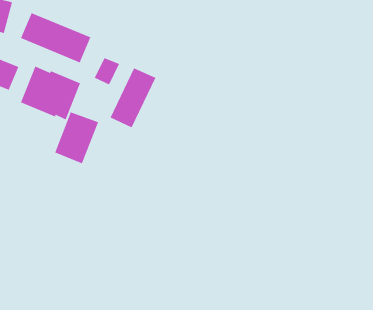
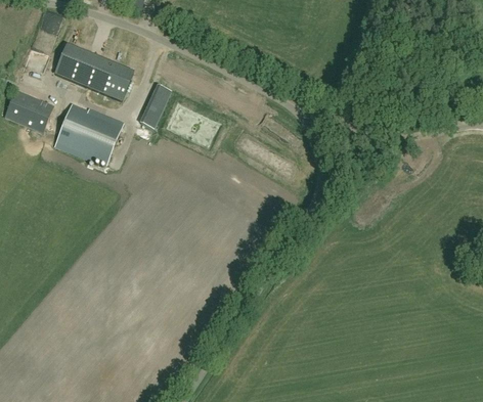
building: [110,67,156,128] -> none
building: [54,111,99,164] -> none

